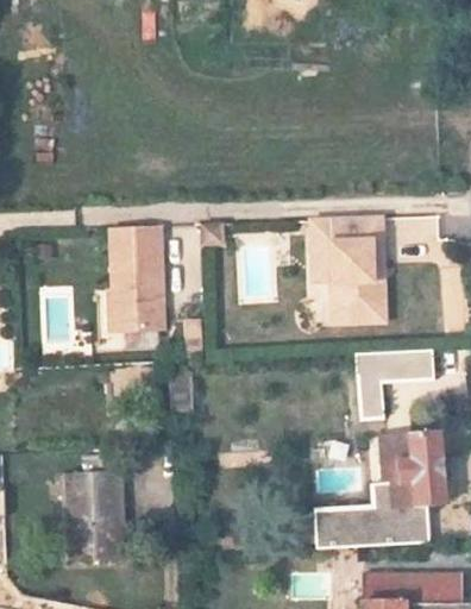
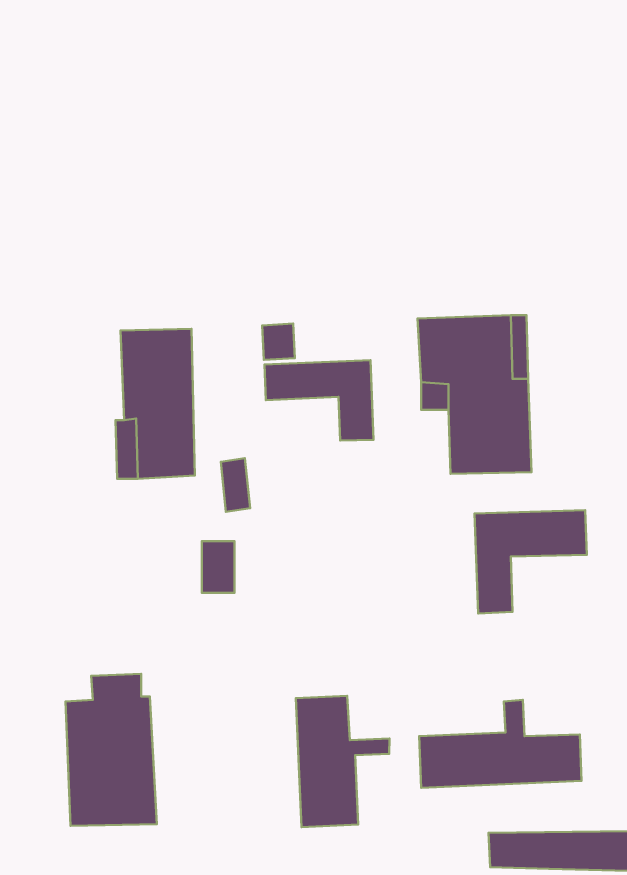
building: none -> [265,360,373,441]
building: [384,439,441,508] -> none
building: none -> [296,696,389,827]

